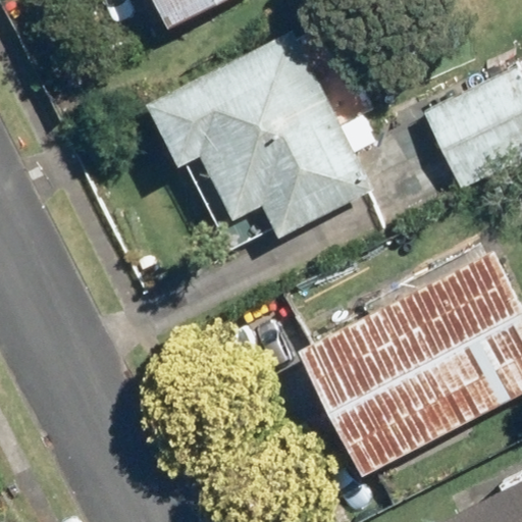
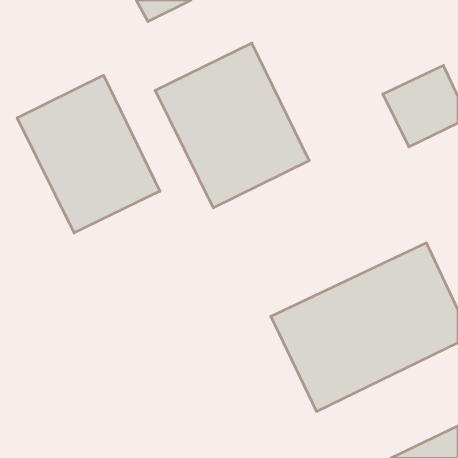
building: none -> [17,75,160,233]

